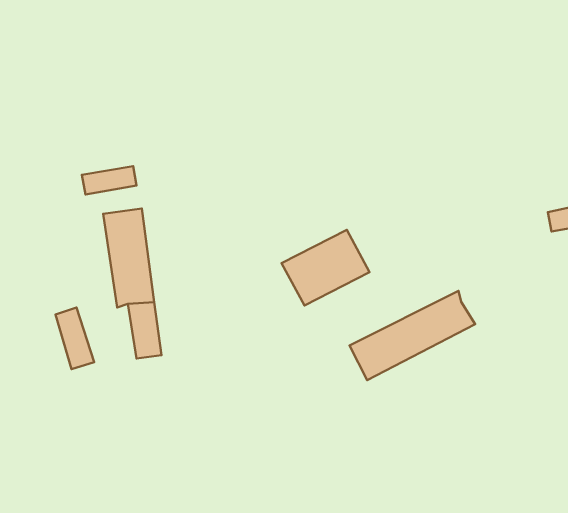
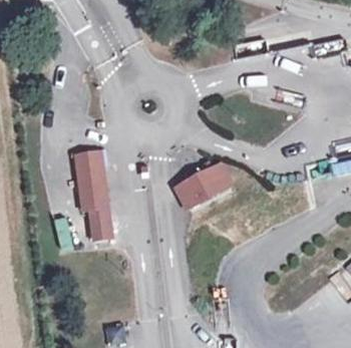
building: [349,291,475,380] -> none

